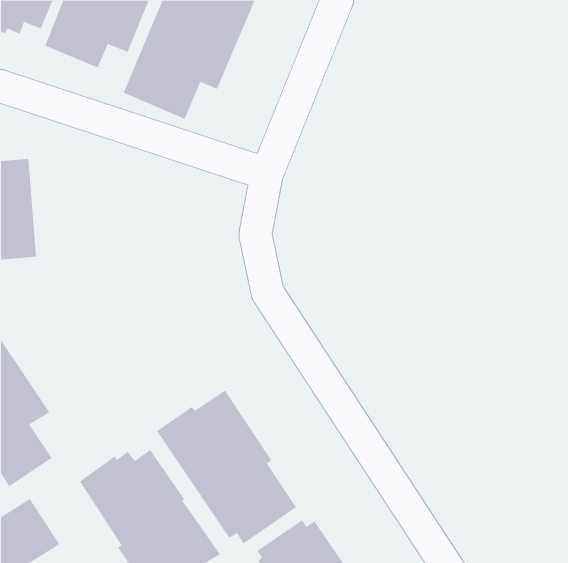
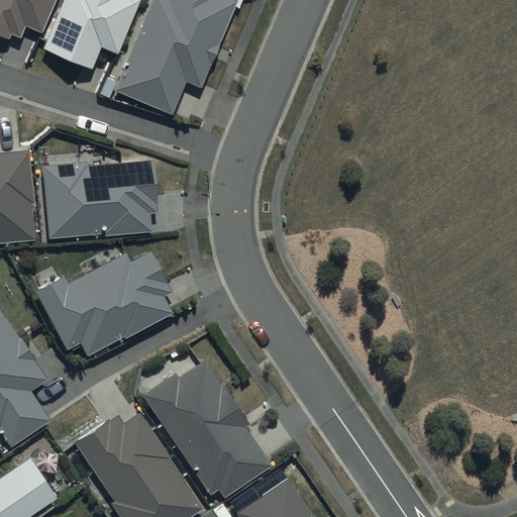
building: none -> [41,160,157,238]
building: none -> [34,251,173,356]

